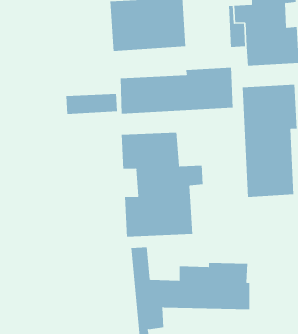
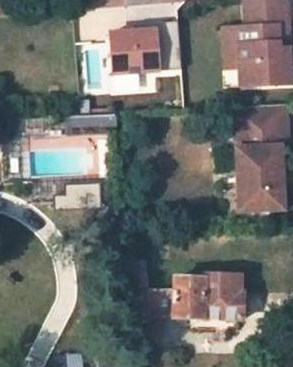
building: [120,67,233,115] -> none
building: [121,132,203,238] -> none

